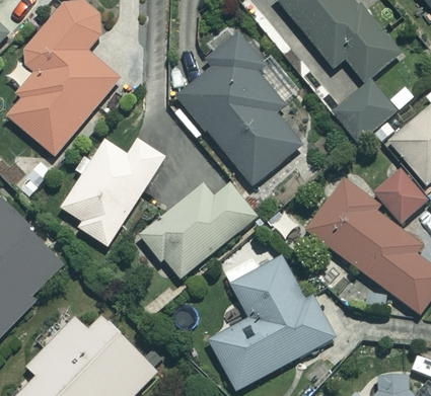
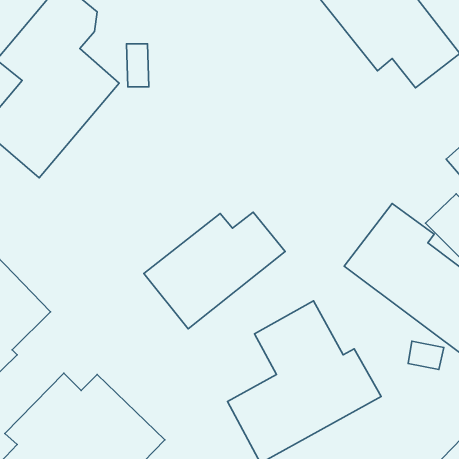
building: [177,33,302,187] -> none
building: [334,81,396,142] -> none
building: [57,138,166,246] -> none

